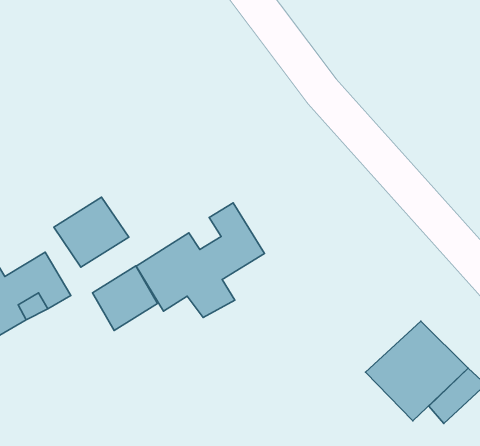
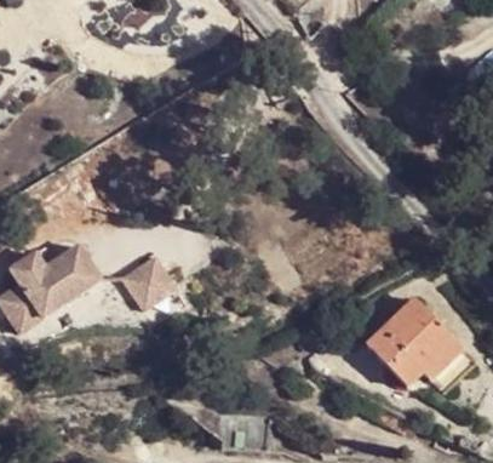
building: [54,197,129,267] -> none
building: [136,203,265,317] -> none

